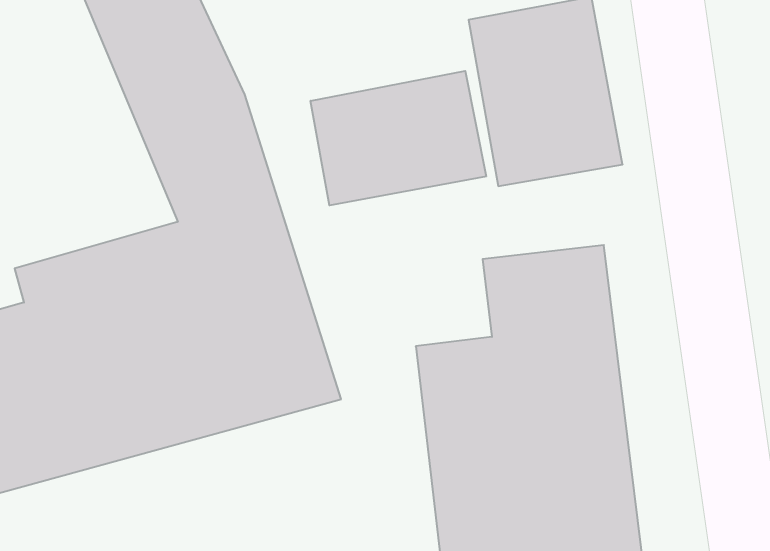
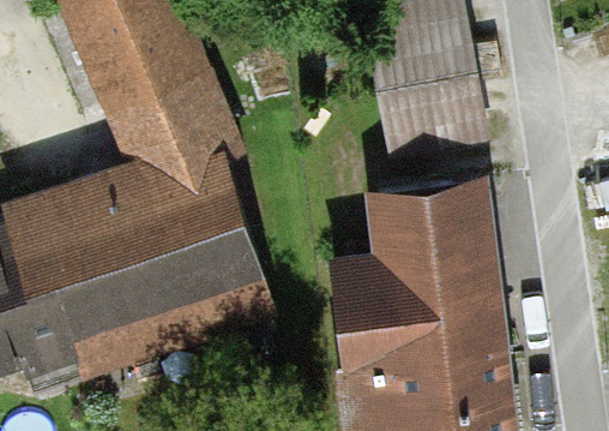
building: [311,71,486,205] -> none

